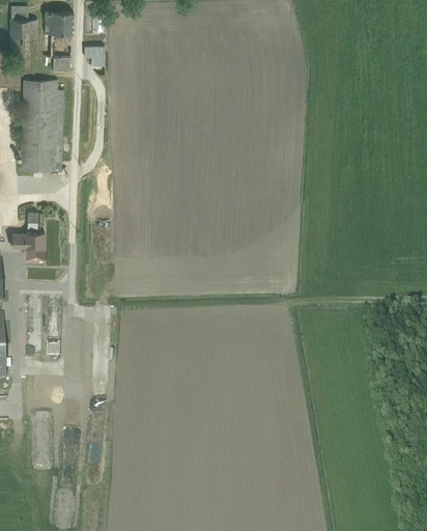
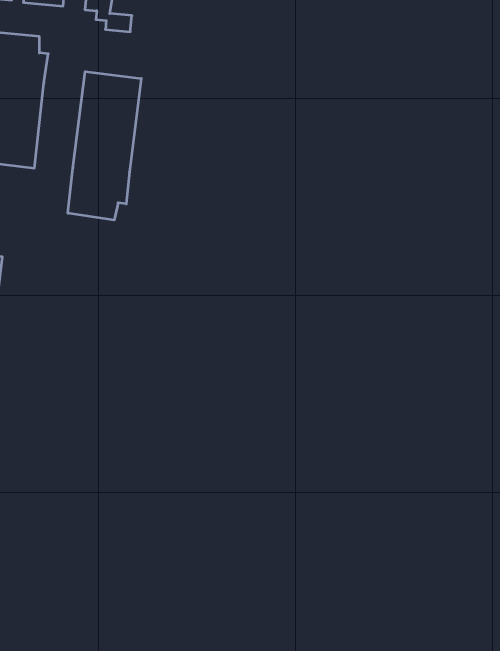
building: none -> [68,72,141,220]

